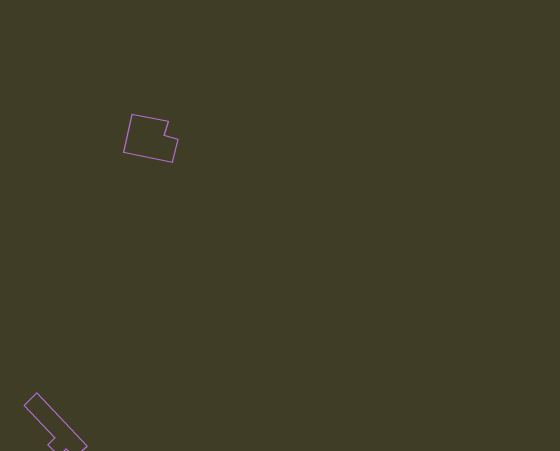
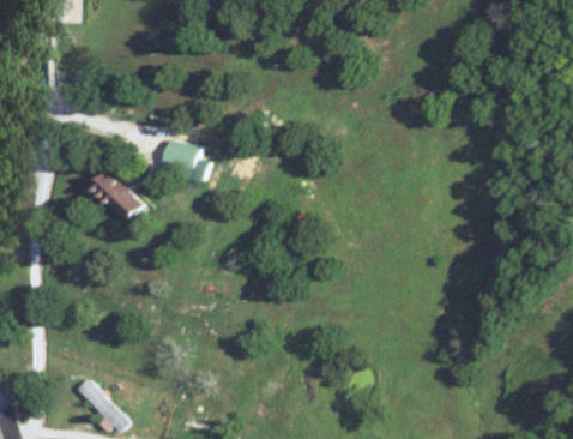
building: none -> [95,168,147,218]

